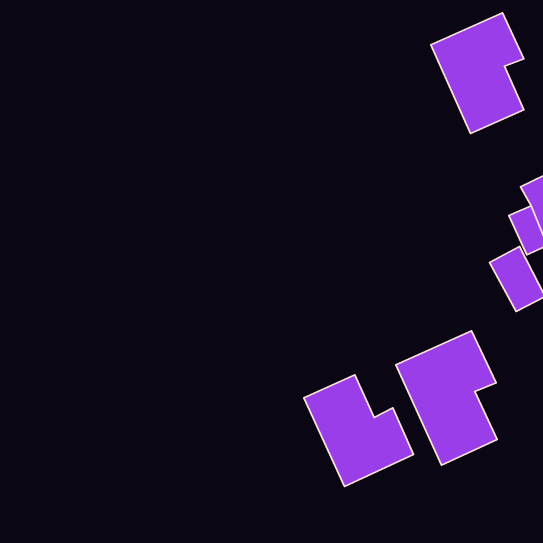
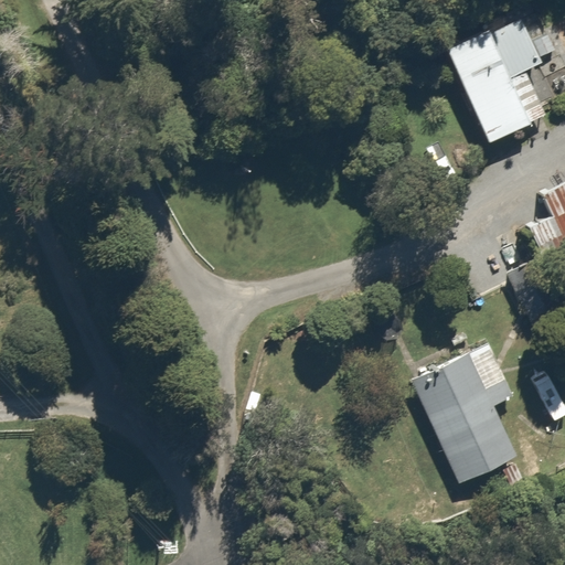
building: [304,375,413,487] -> none

